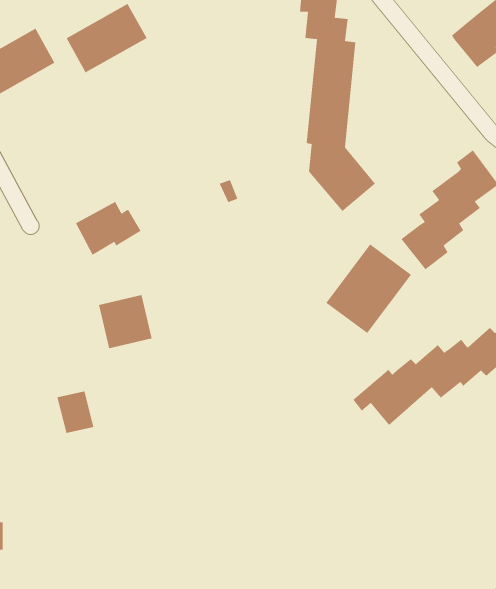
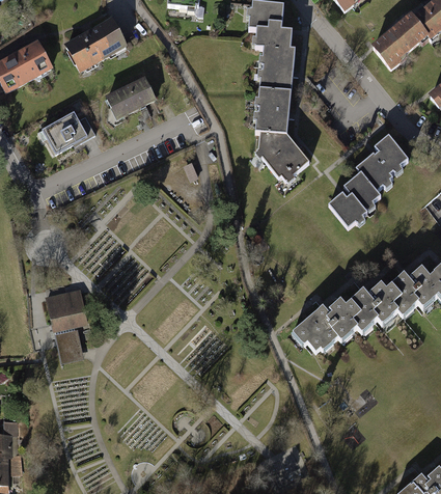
building: none -> [106,74,158,117]
building: [75,201,141,256] -> [43,108,95,152]
building: [325,244,412,334] -> none
building: [98,294,153,349] -> [46,286,89,330]

